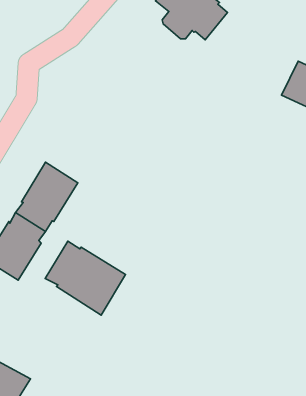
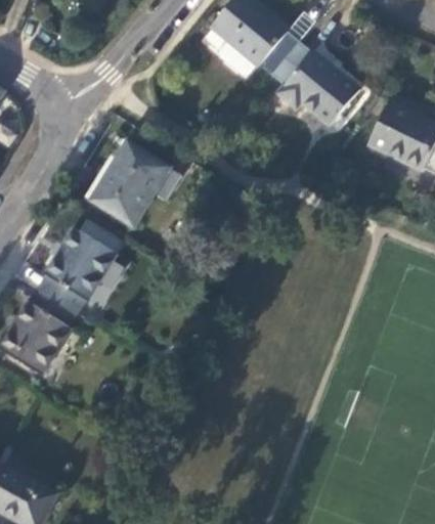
building: none -> [273,42,360,125]
building: none -> [92,142,171,226]
building: [45,241,126,315] -> none

